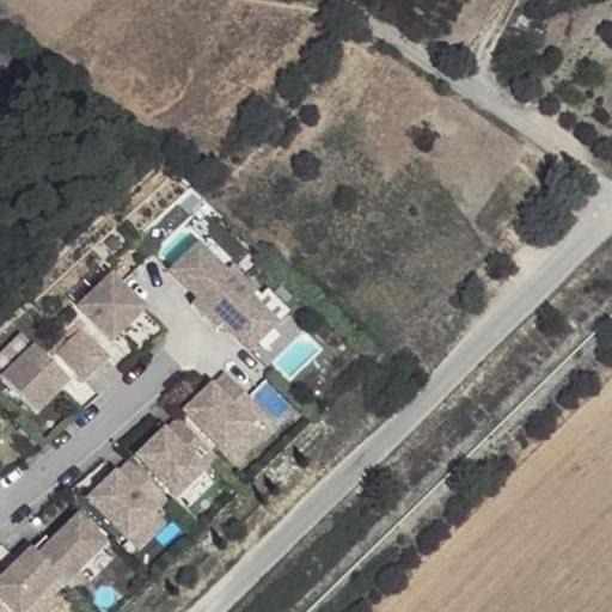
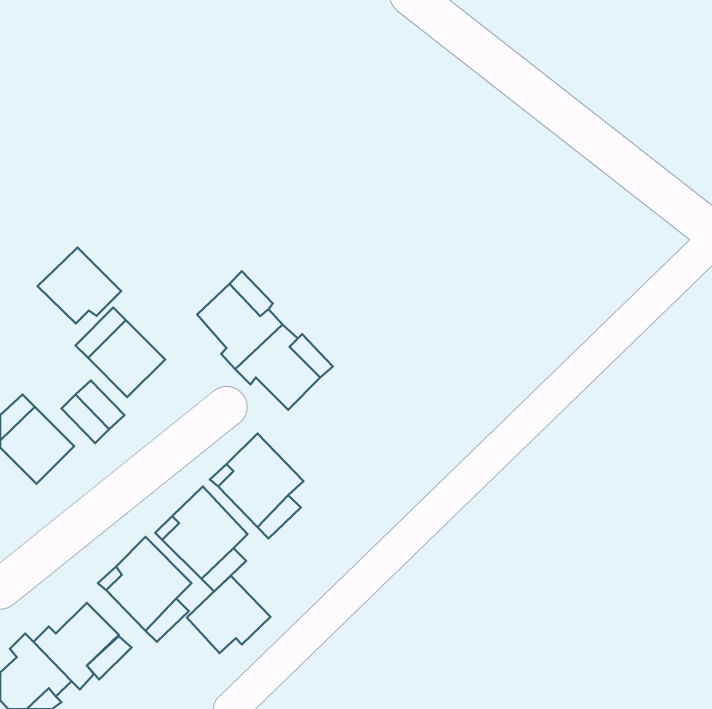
building: none -> [37,247,121,323]
building: none -> [187,576,271,653]

